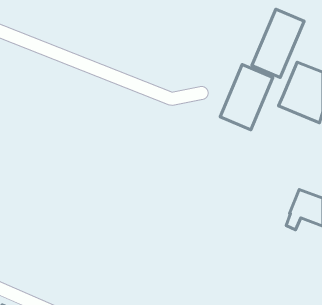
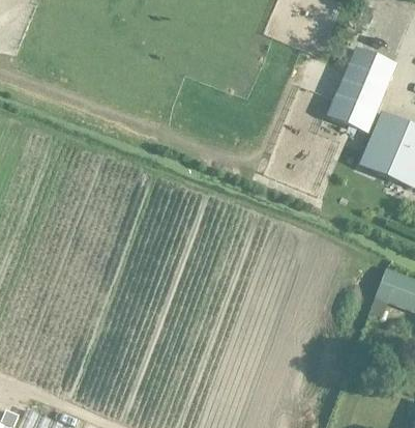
building: [220,65,273,130] -> none

